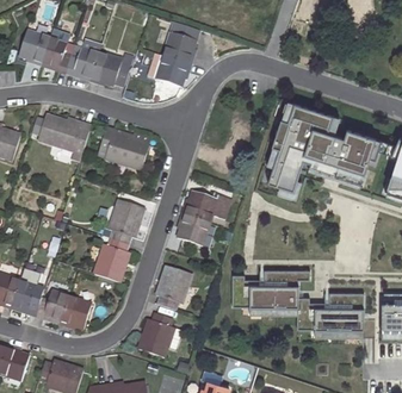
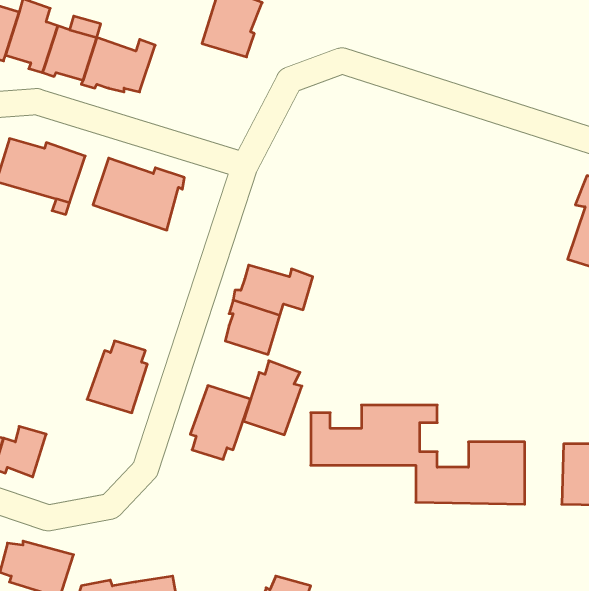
building: [146,52,190,87] -> none
building: [267,102,382,189] -> none
building: [103,199,143,244] -> none
building: [57,295,91,329] -> none
building: [138,312,174,357] -> [244,361,302,435]

